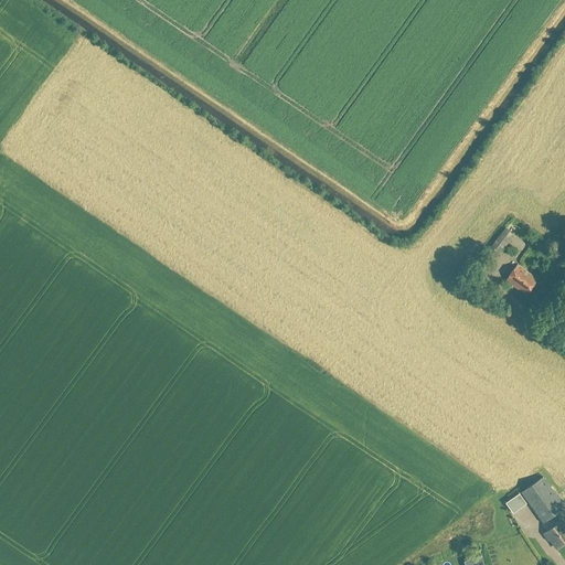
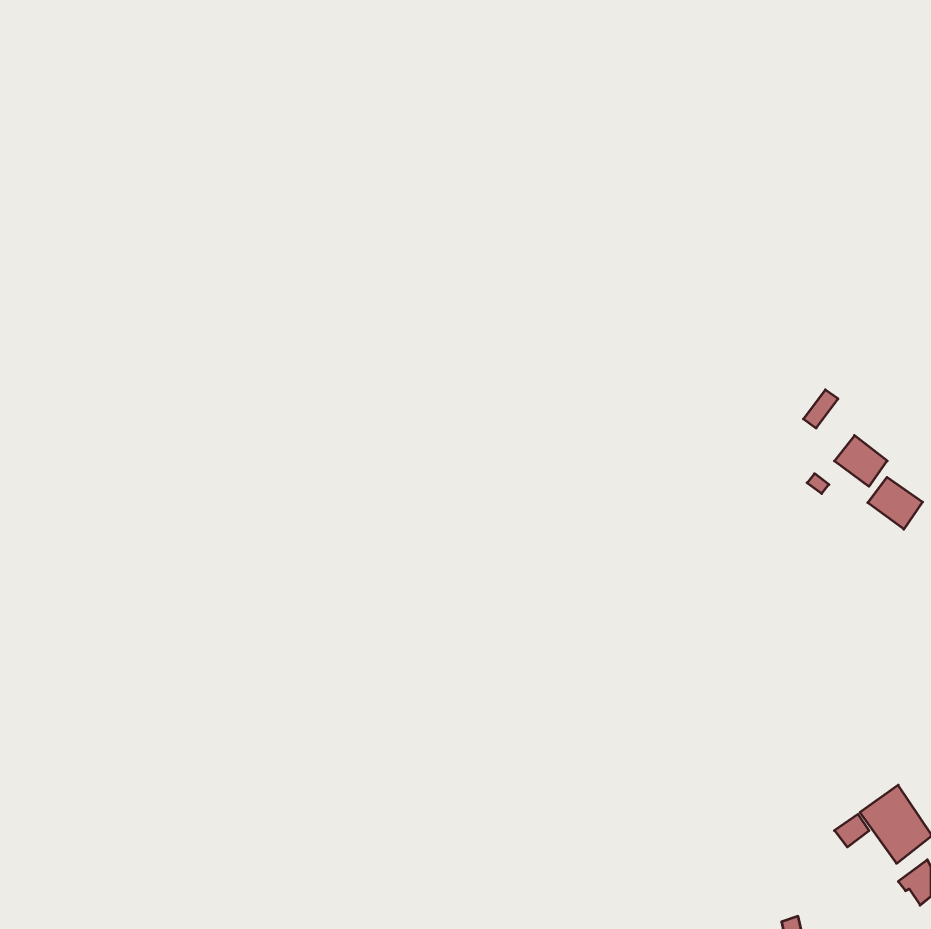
building: none -> [868,477,923,529]

